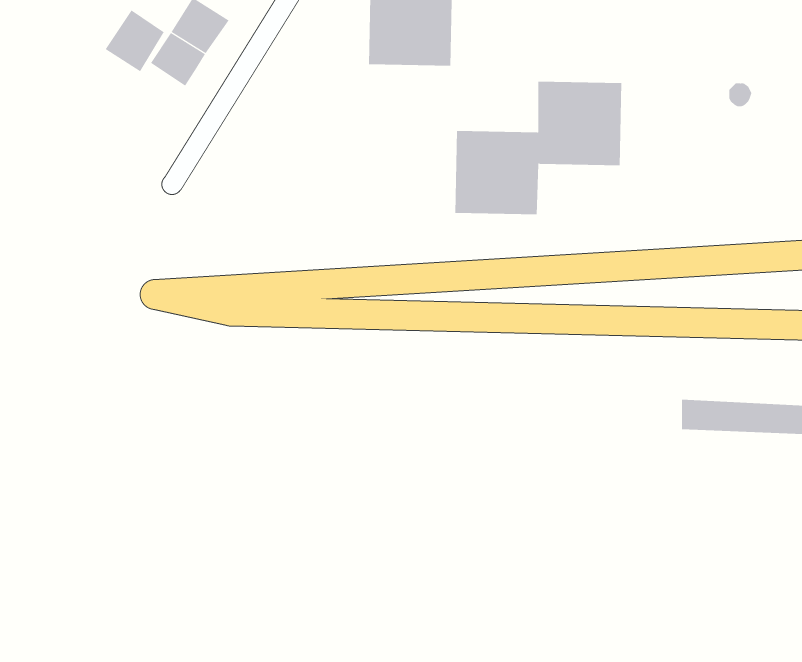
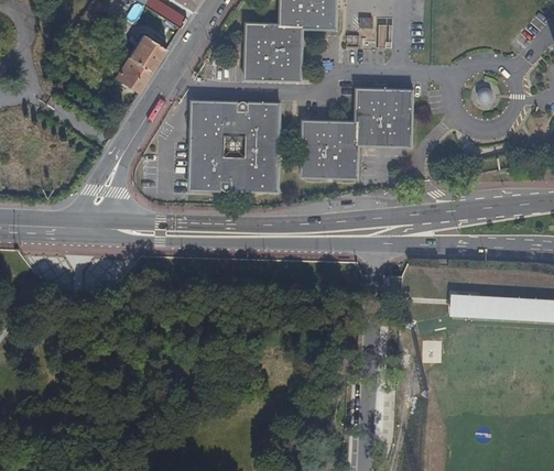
building: [105,10,165,72] -> none
building: none -> [192,99,278,190]

